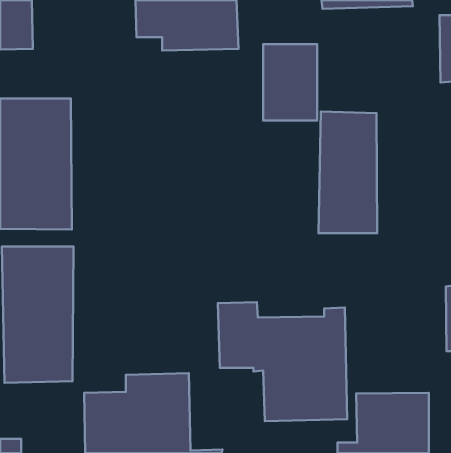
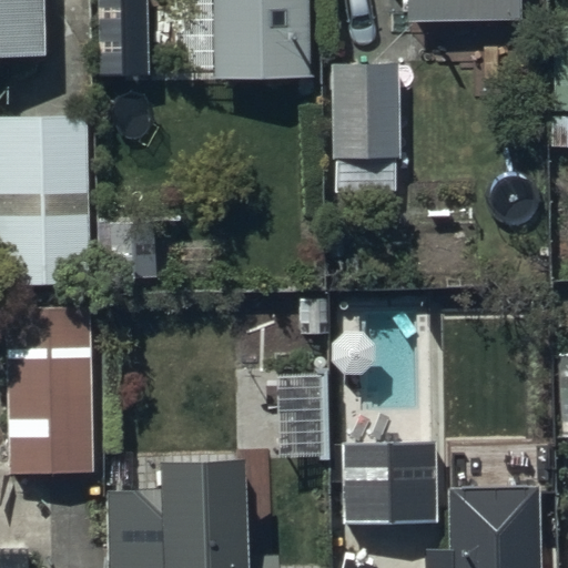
building: [319,112,377,233] -> none

